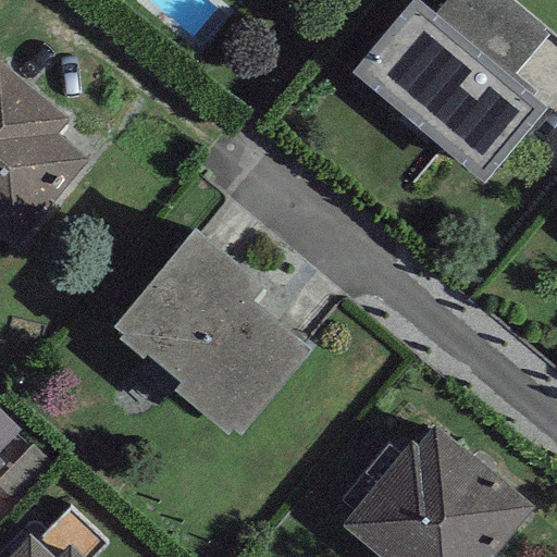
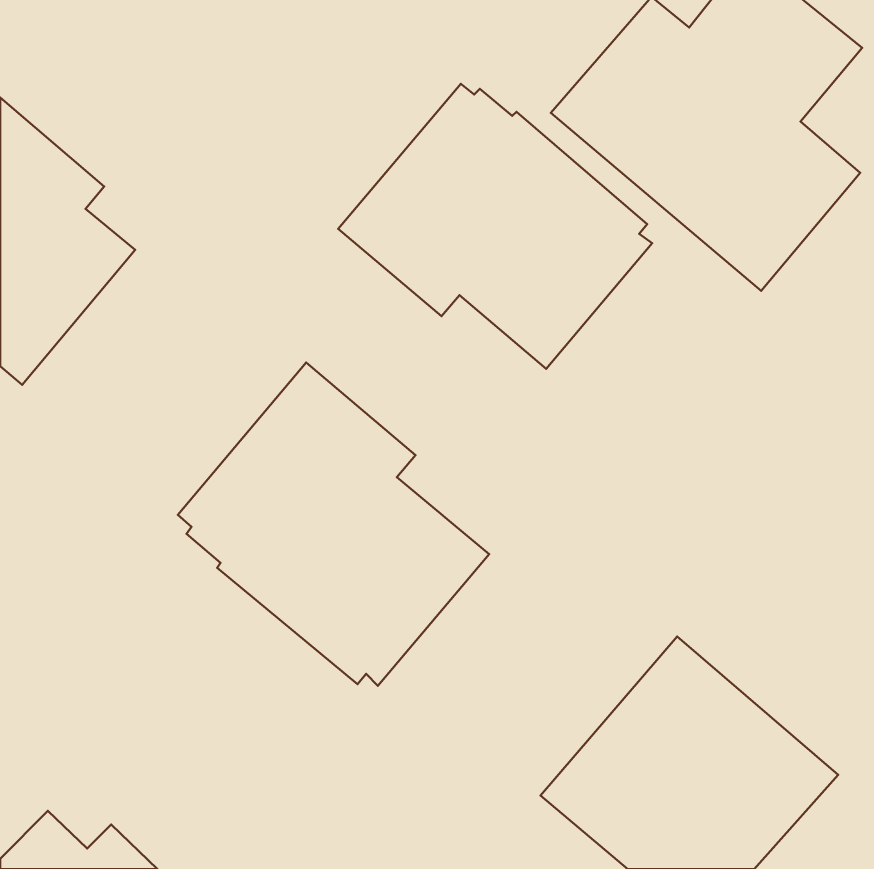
building: none -> [338,84,652,369]

